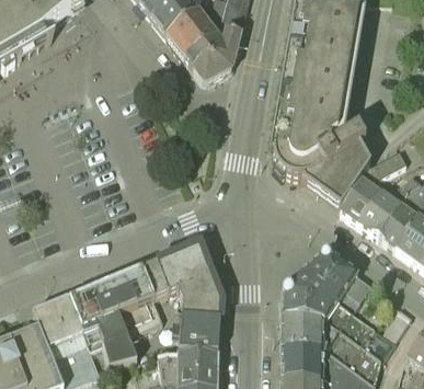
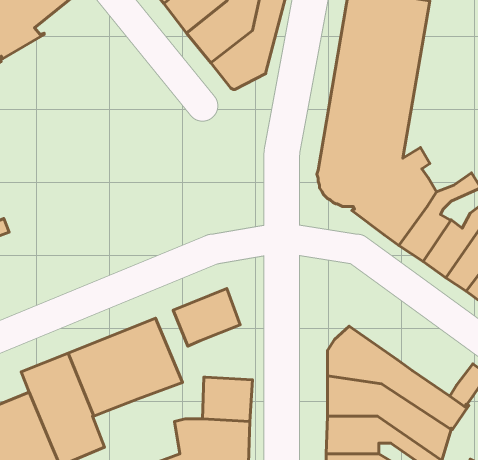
building: [299,258,370,312] -> none
building: [177,275,221,320] -> none
building: [102,335,137,369] -> none

